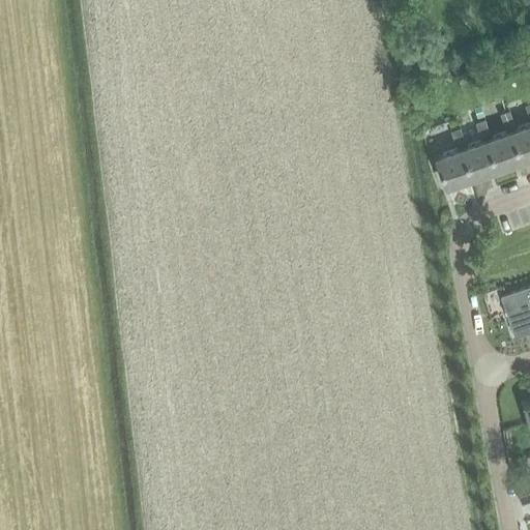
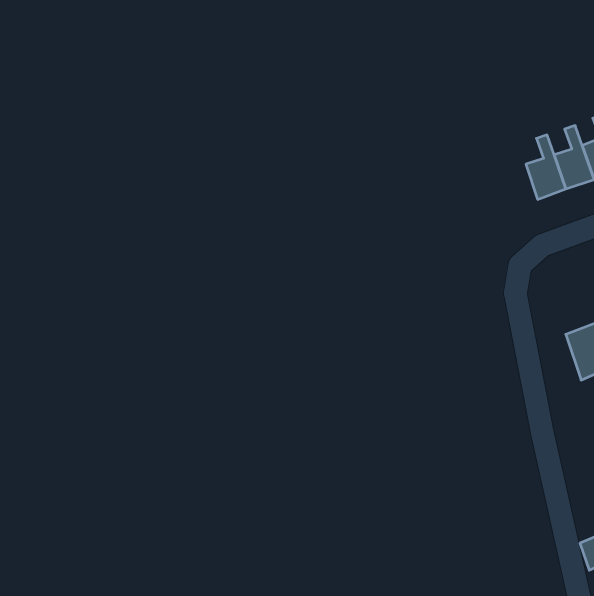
building: [439,130,479,189] -> none

